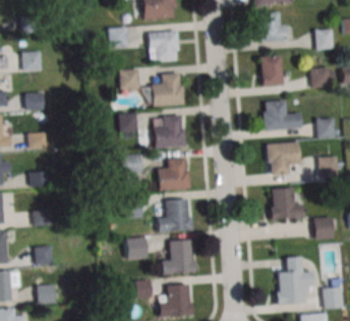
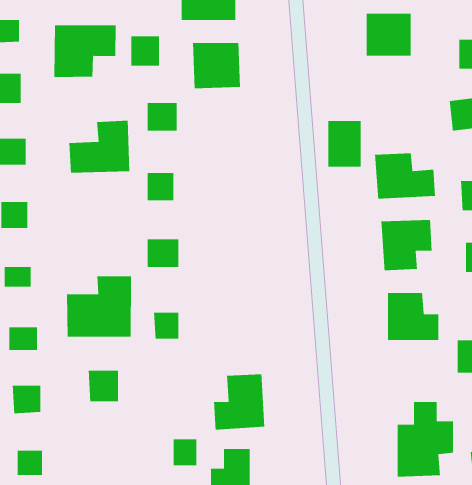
building: none -> [53,25,116,78]
building: [261,56,283,86] -> [327,120,361,167]
building: [144,72,183,106] -> [69,120,130,174]
building: [154,116,185,148] -> none
building: [158,157,189,191] -> none
building: none -> [66,276,132,337]
building: [159,199,190,230] -> none
building: [126,237,145,258] -> [88,370,119,402]

